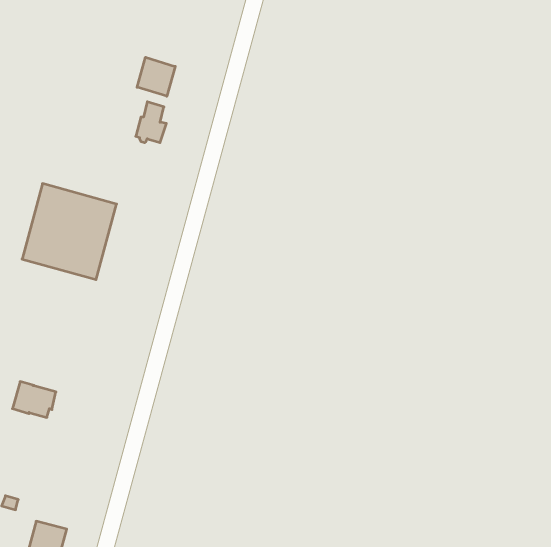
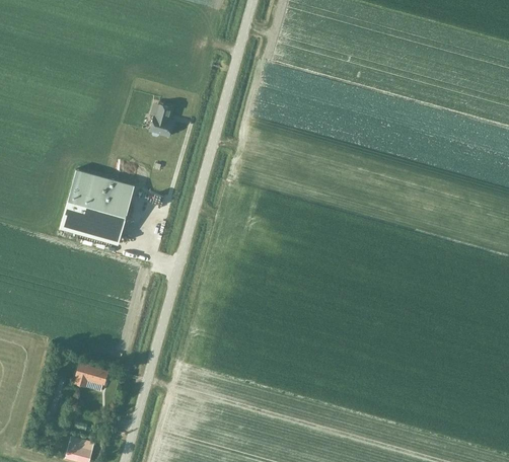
building: [137,57,175,96] -> none
building: [12,382,56,417] -> [74,362,108,390]

